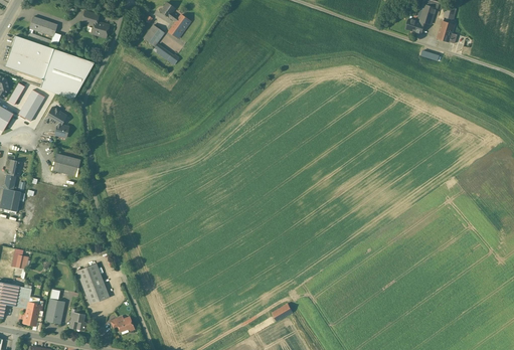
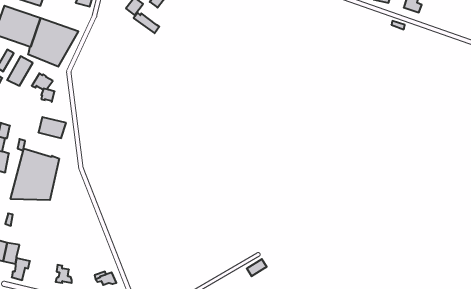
building: none -> [11,149,59,200]
building: [76,262,109,304] -> none
building: [45,289,64,323] -> none

